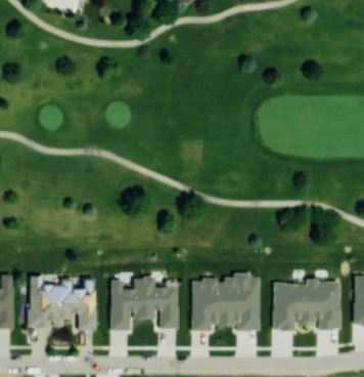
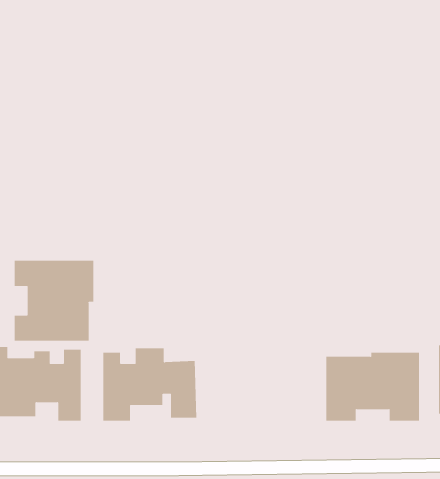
building: none -> [14,260,94,342]
building: [191,274,260,331] -> none

